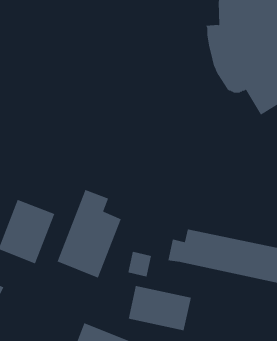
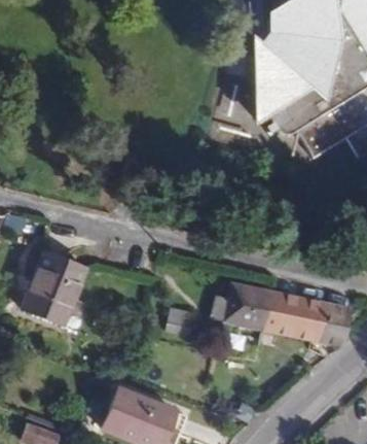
building: [57,189,121,279] -> none
building: [128,285,191,331] -> none

